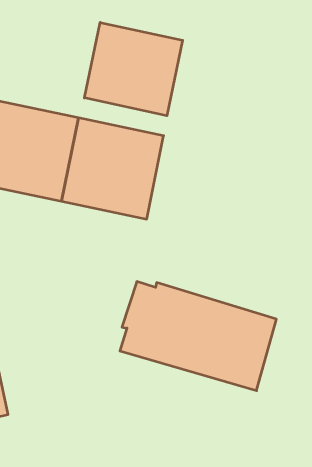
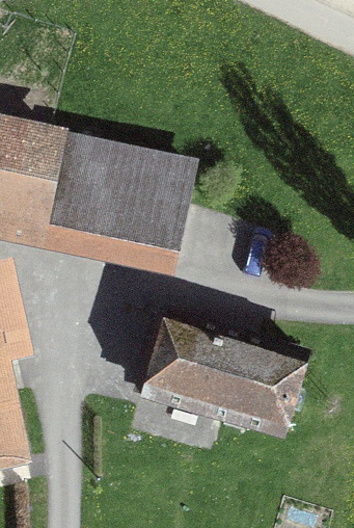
building: [84,22,183,116] -> none

